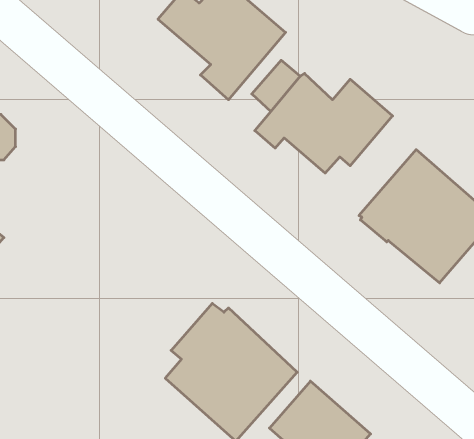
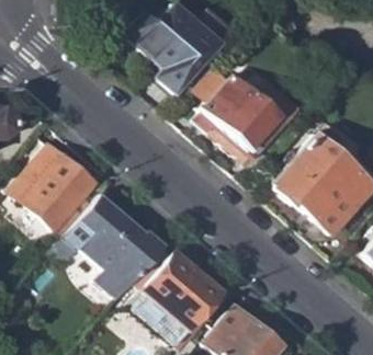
building: none -> [13,144,99,229]
building: none -> [52,193,168,300]

